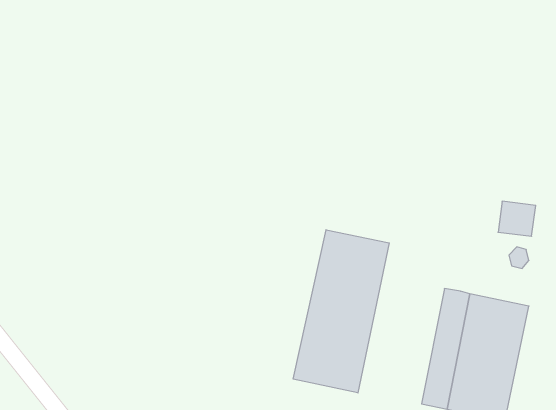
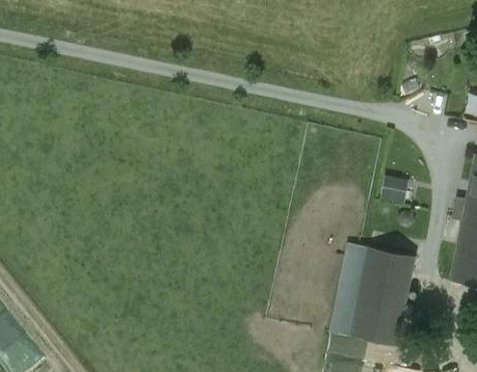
building: [293,230,389,393] -> none

